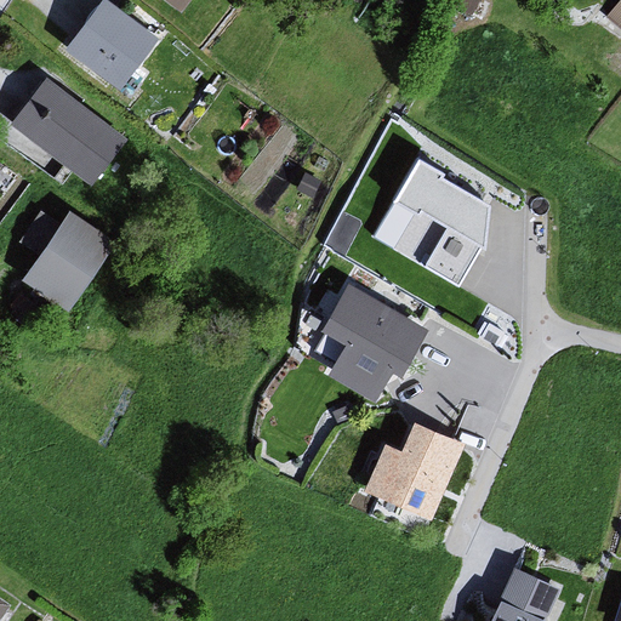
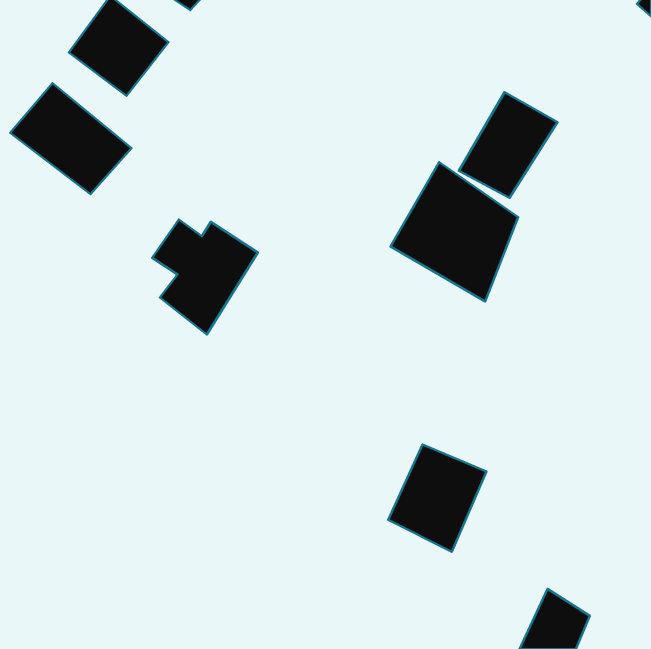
building: none -> [459,92,558,198]
building: [16,207,116,317] -> [152,219,258,334]
building: [302,283,428,404] -> none

